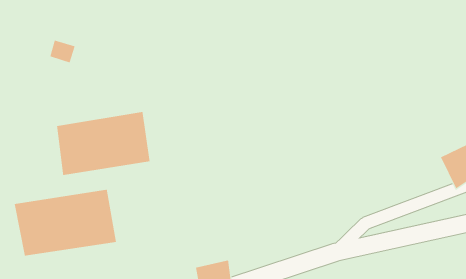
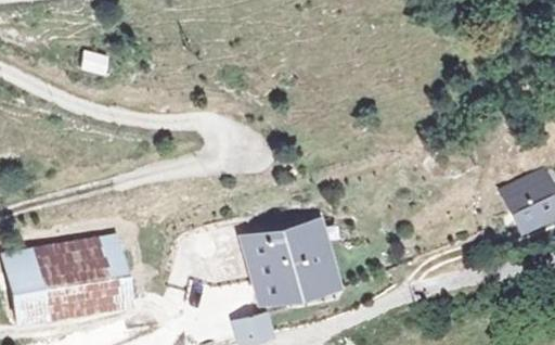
building: [57,111,150,176] -> none
building: none -> [250,228,337,303]

